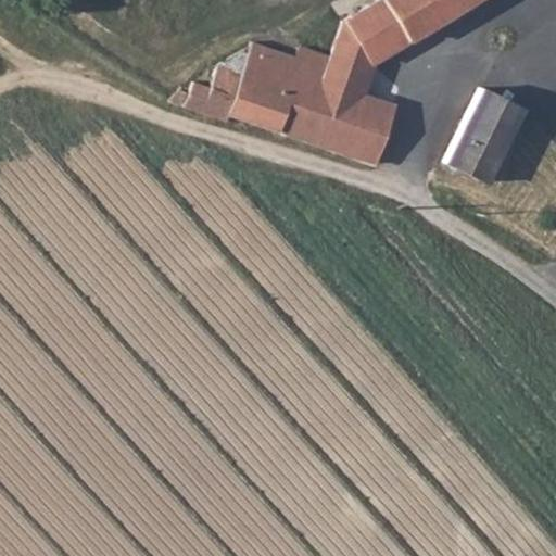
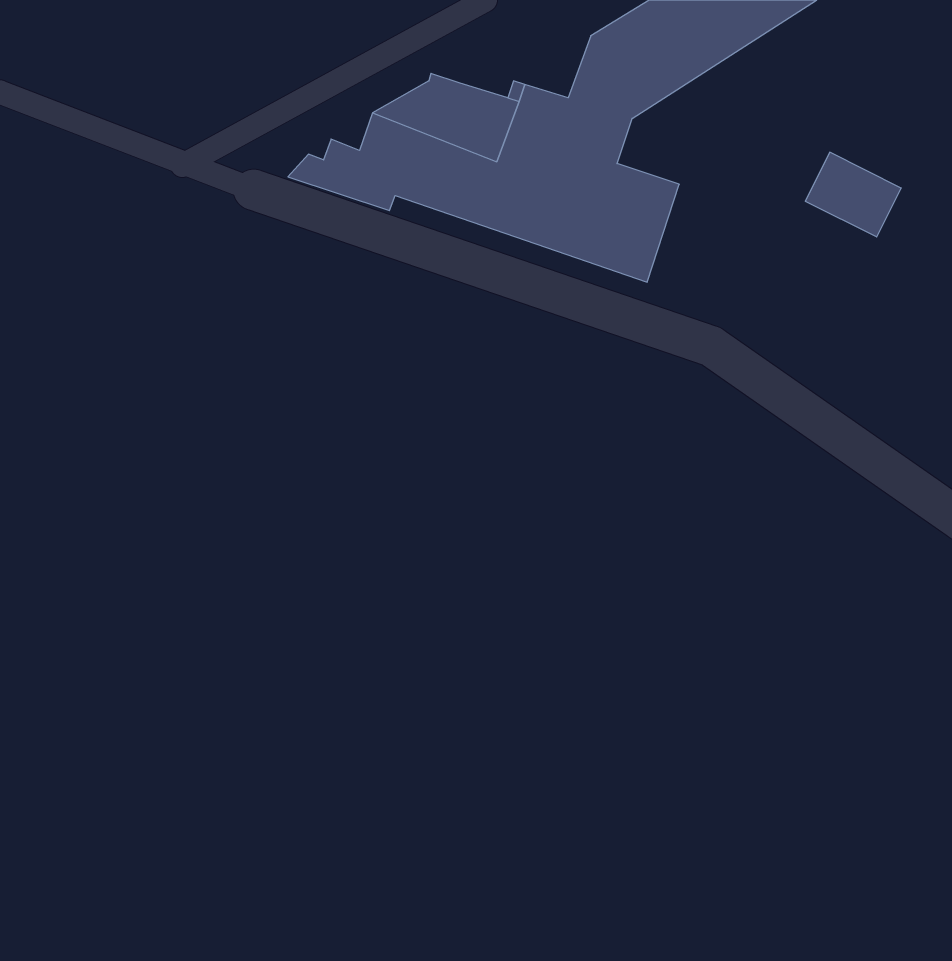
building: [447,116,511,182] -> none

